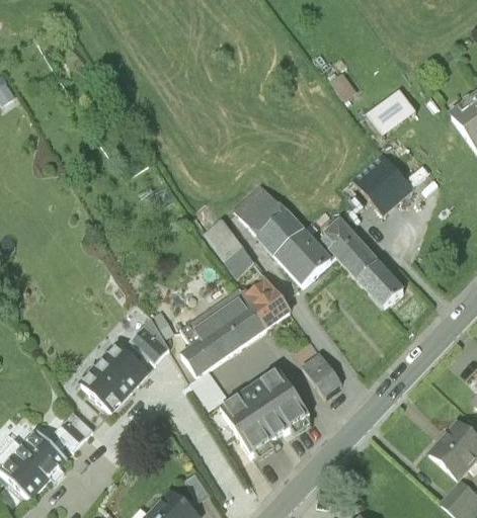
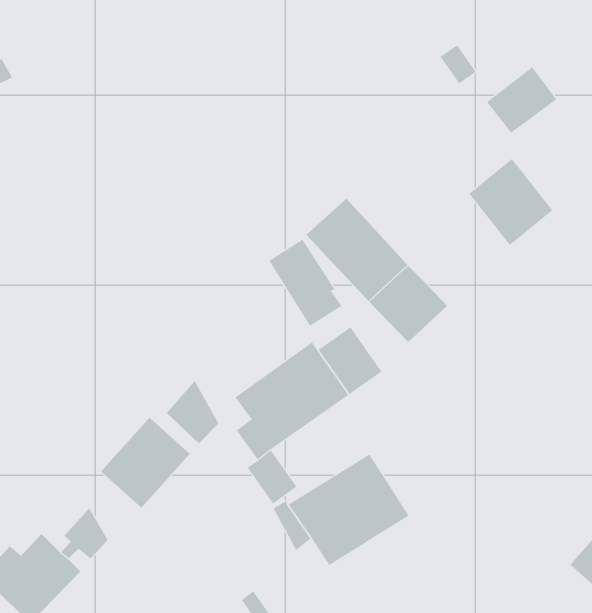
building: [319,222,403,309] -> none
building: [303,353,341,396] -> none

